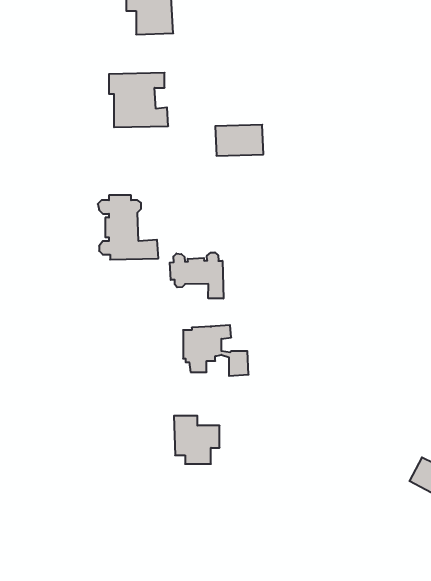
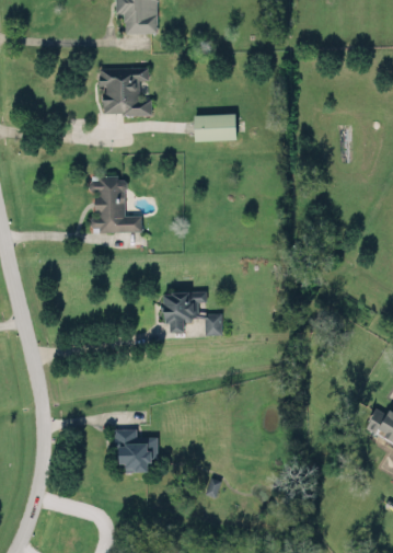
building: [170,252,223,299] -> none
building: [174,416,220,464] -> [117,429,158,472]

